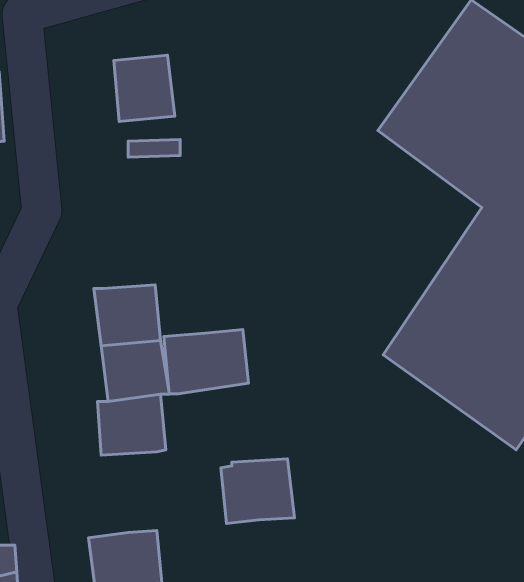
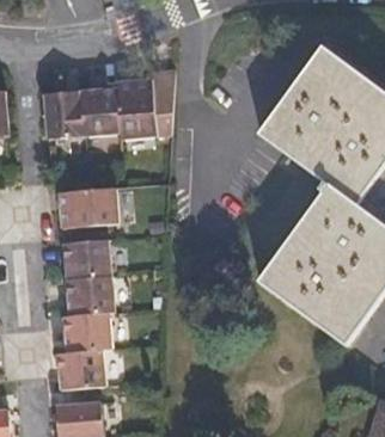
building: none -> [114,74,166,133]
building: none -> [39,87,81,133]
building: [164,329,248,394] -> [59,183,115,226]
building: [221,459,295,523] -> [62,347,111,390]

